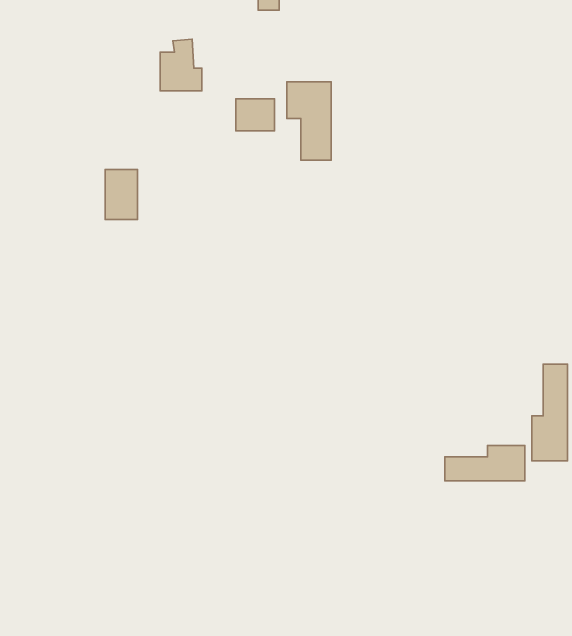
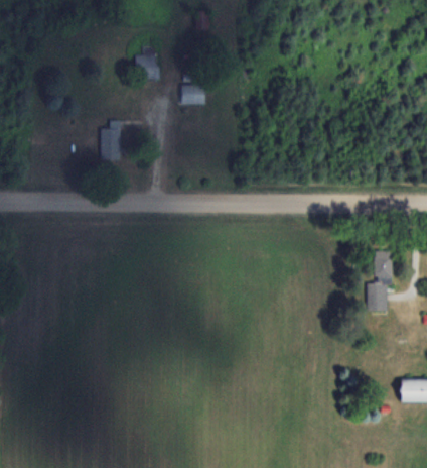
building: [287,82,331,160] -> none
building: [445,446,525,481] -> none

